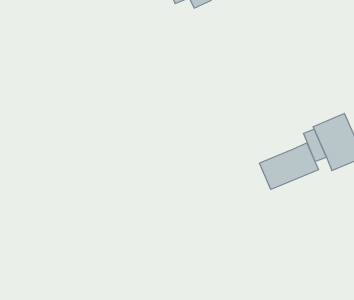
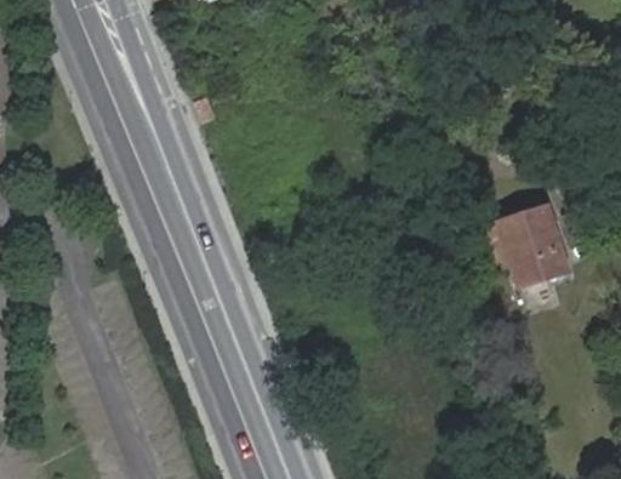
building: [260,143,318,189] -> none

